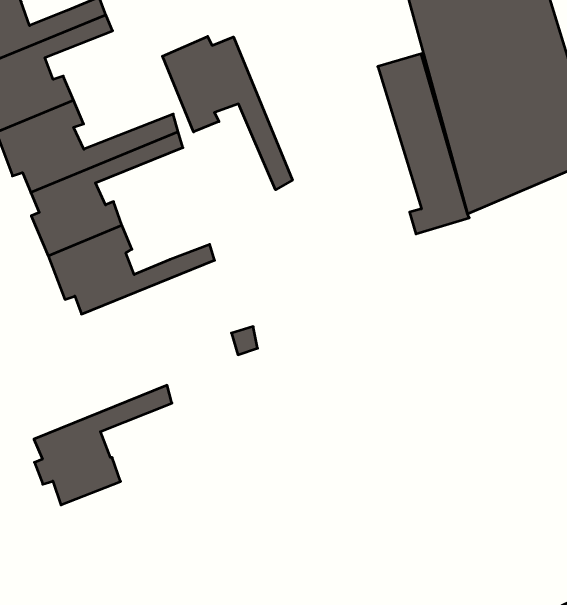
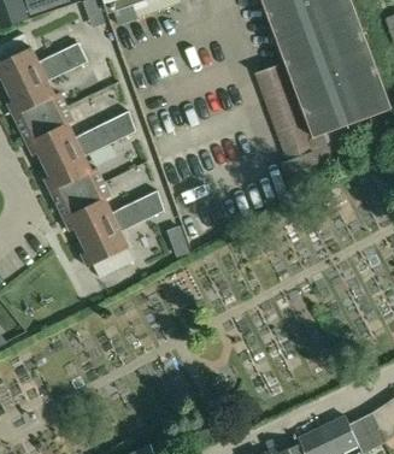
building: [162,36,292,190] -> none
building: [34,385,172,505] -> [80,200,164,278]

